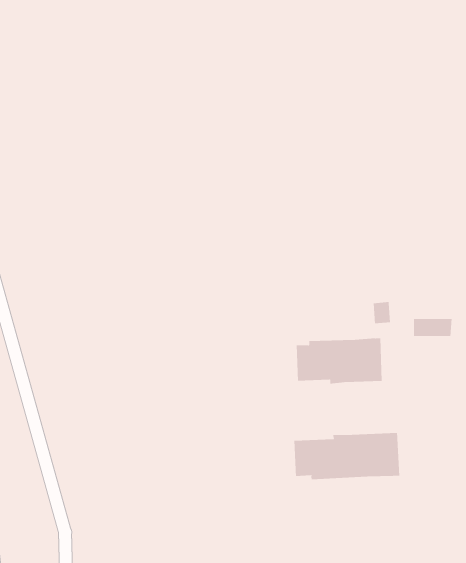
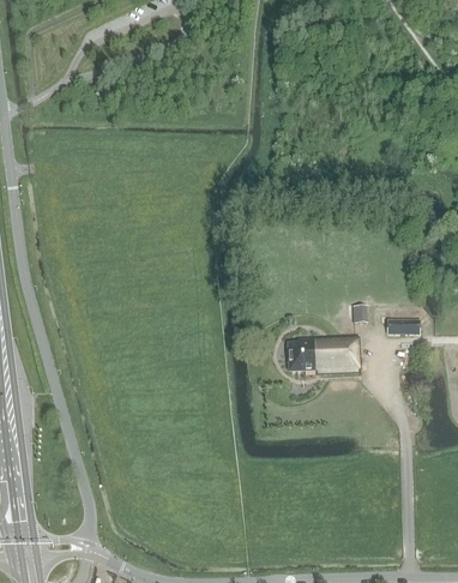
building: [294,432,400,480] -> none

